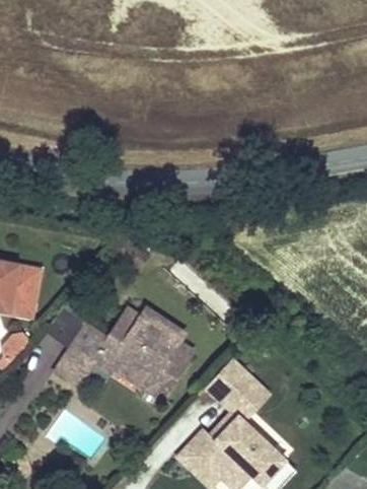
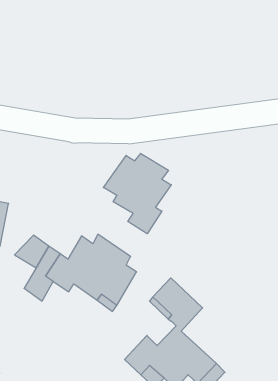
building: none -> [103,153,171,234]

